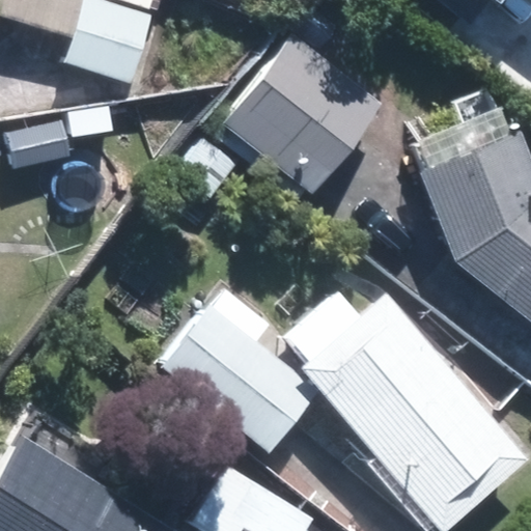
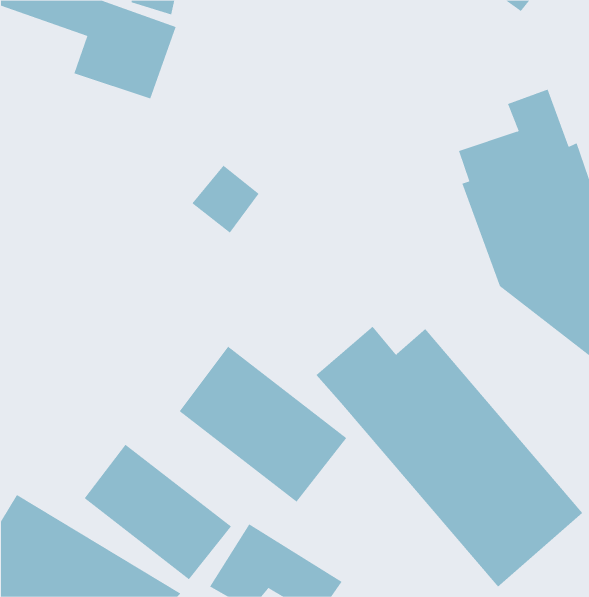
building: [216,38,378,198] -> none
building: none -> [84,444,232,580]

